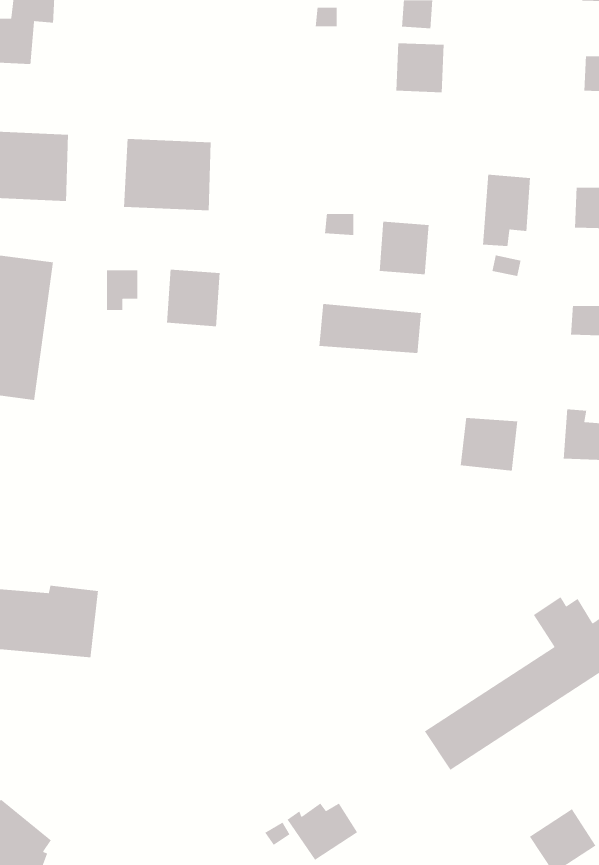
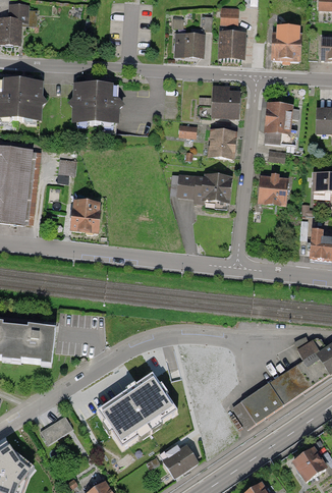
building: none -> [176,32,204,56]
building: none -> [270,35,301,59]
building: none -> [212,91,238,112]
building: [166,269,220,327] -> [71,200,101,231]
building: [460,417,518,471] -> [257,174,288,204]
building: none -> [97,372,178,446]
building: none -> [41,413,73,440]

